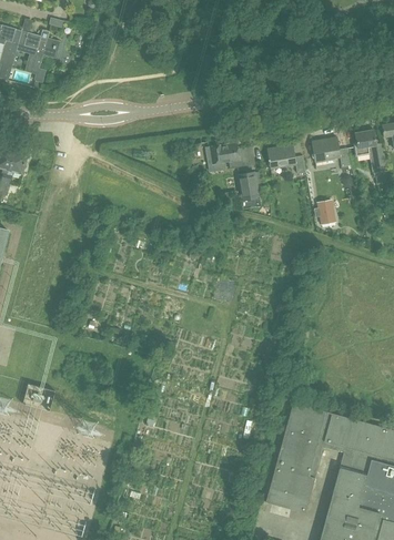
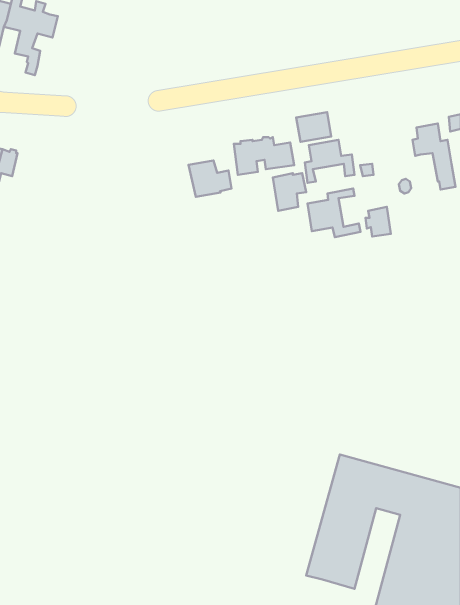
building: [312,134,341,159] -> [296,112,331,142]
building: none -> [189,160,231,197]
building: none -> [307,188,361,237]

